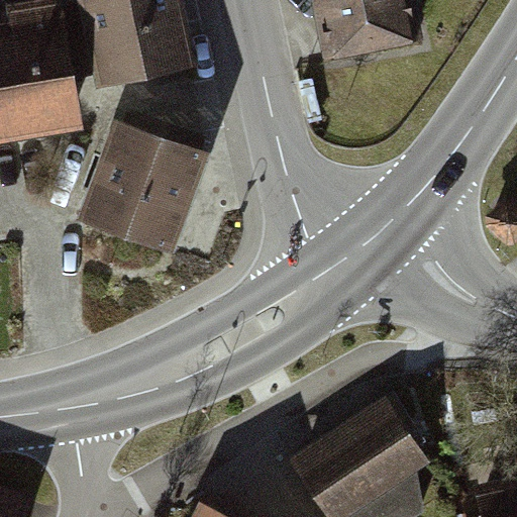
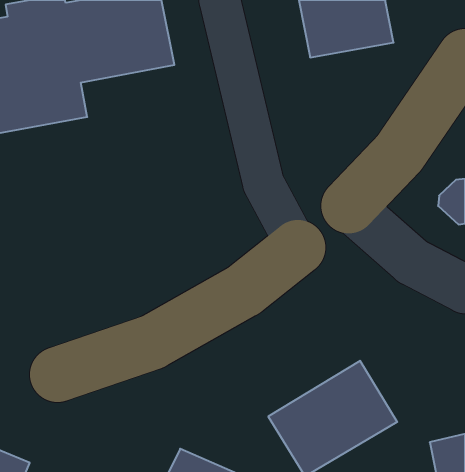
building: [79,125,194,246] -> none

